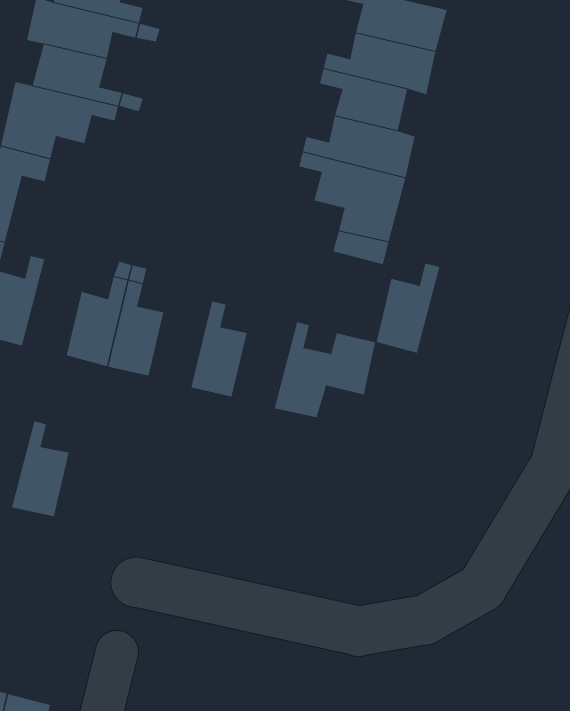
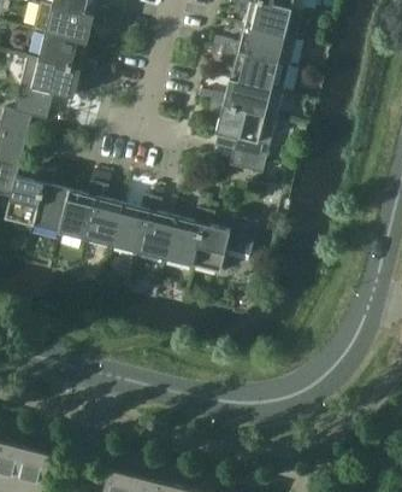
building: [376,263,440,354] -> [165,207,206,265]
building: none -> [112,194,152,252]
building: [11,421,70,517] -> [31,170,69,232]

